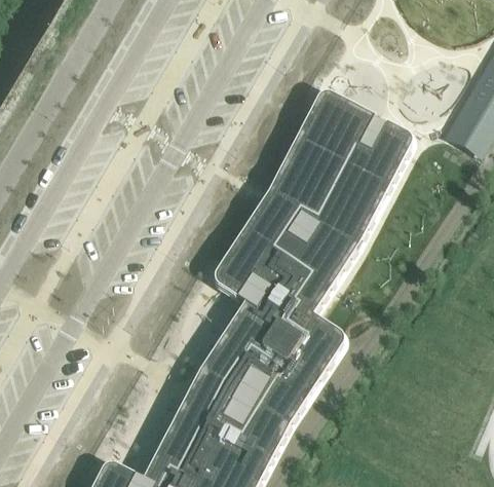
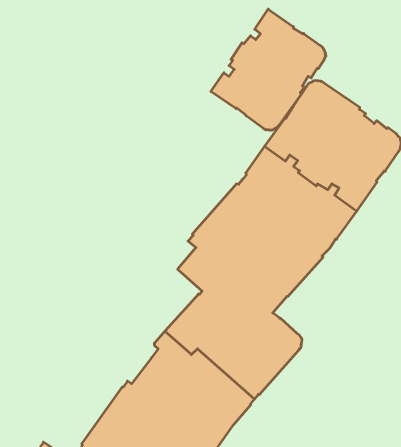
building: none -> [211,9,326,130]

